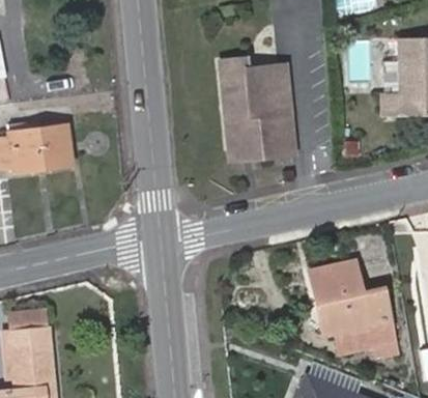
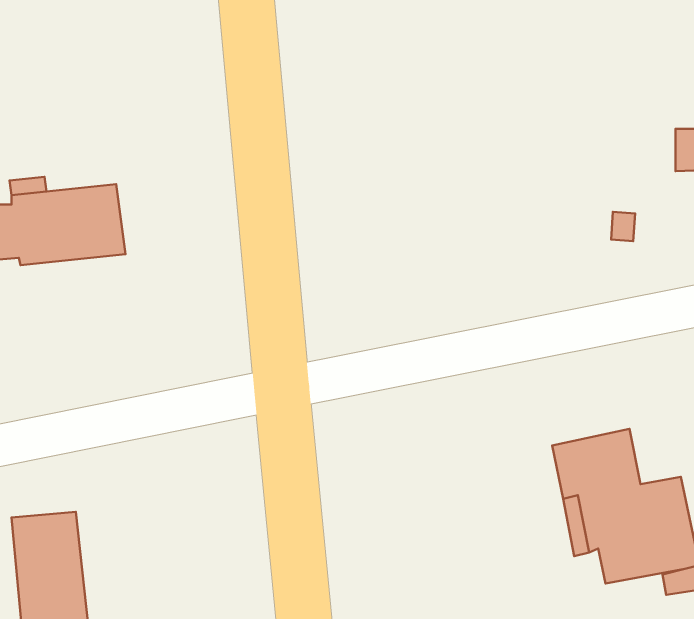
building: [222,57,294,155] -> none

